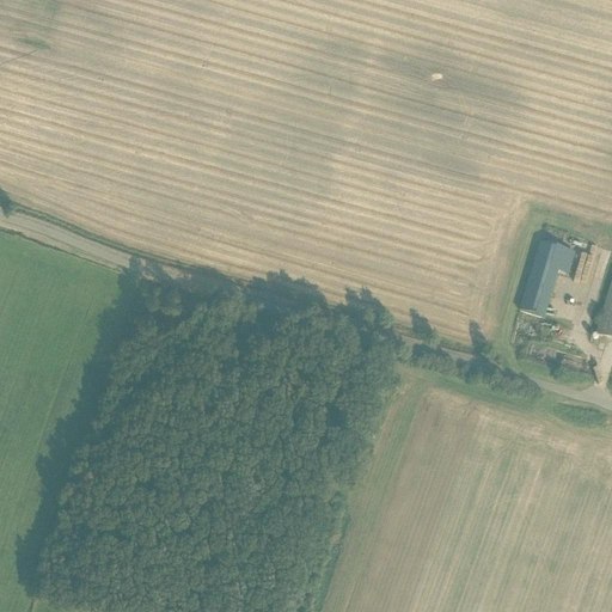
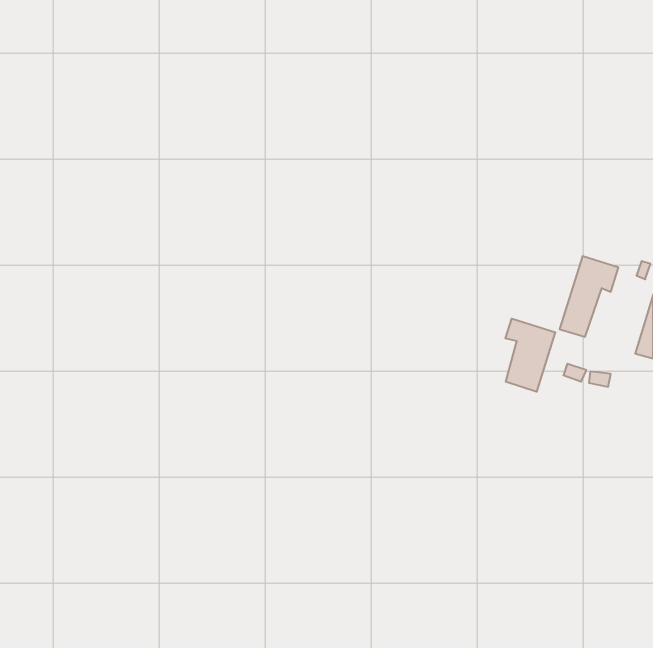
building: none -> [505,319,555,392]

